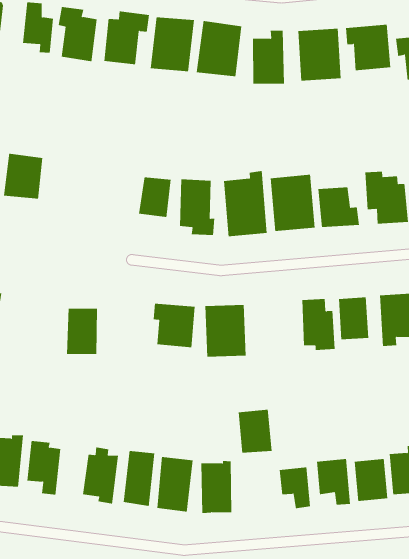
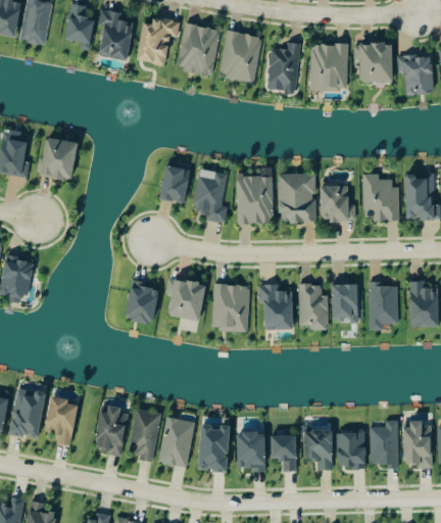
building: none -> [258,284,292,330]
building: [66,308,98,354] -> [126,280,156,323]
building: [238,409,272,453] -> [236,430,264,468]

